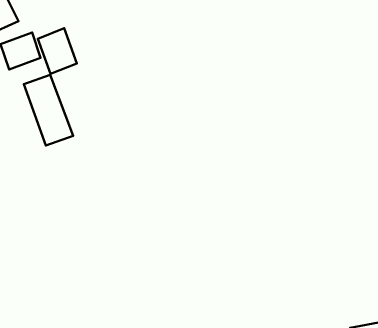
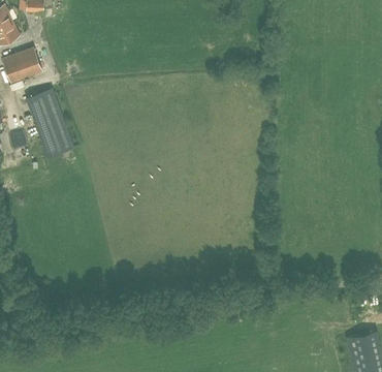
building: [38,28,77,74] -> none

